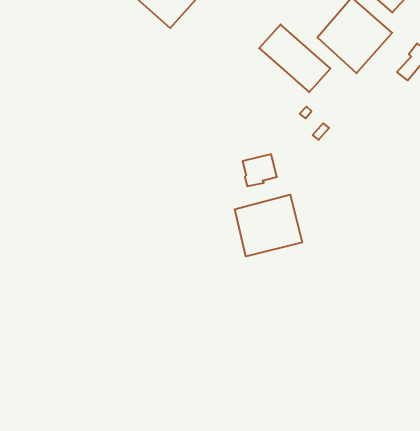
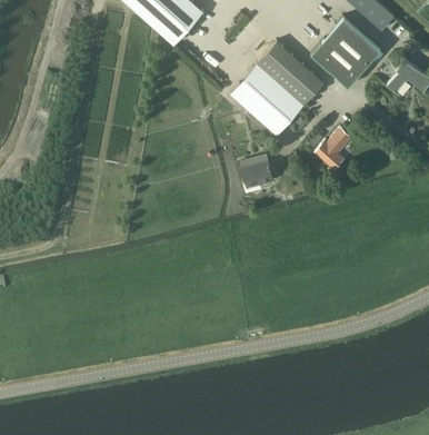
building: none -> [230,63,303,135]
building: none -> [315,128,351,170]
building: [235,195,302,256] -> none

